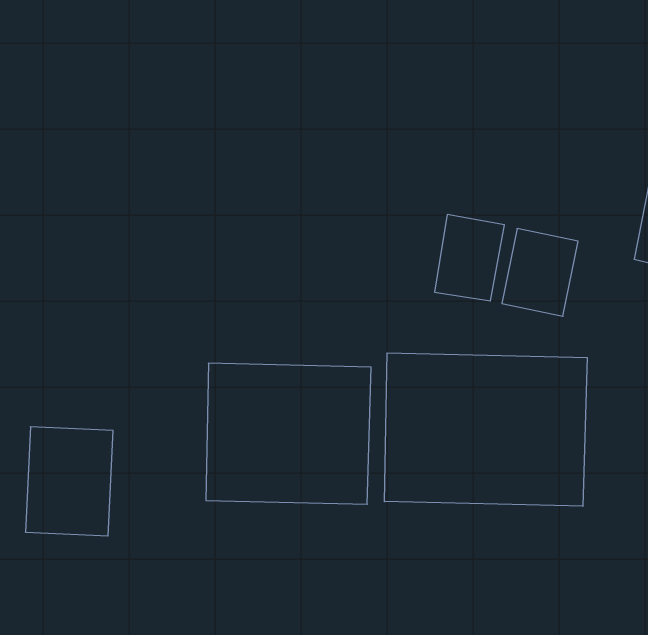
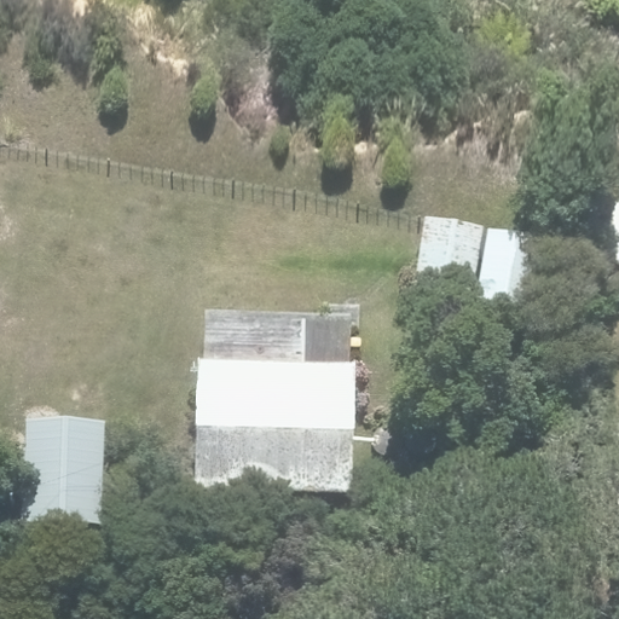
building: [384,353,587,506] -> none

